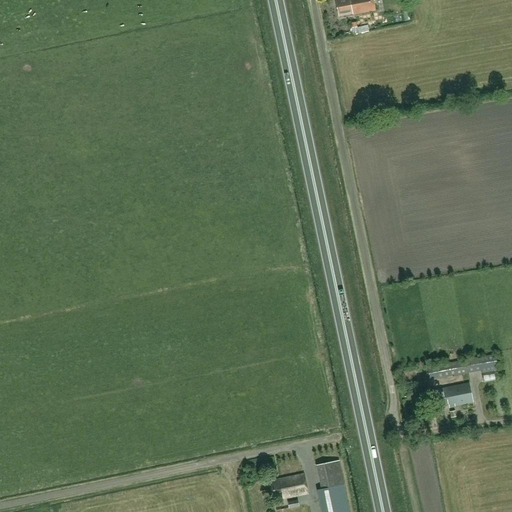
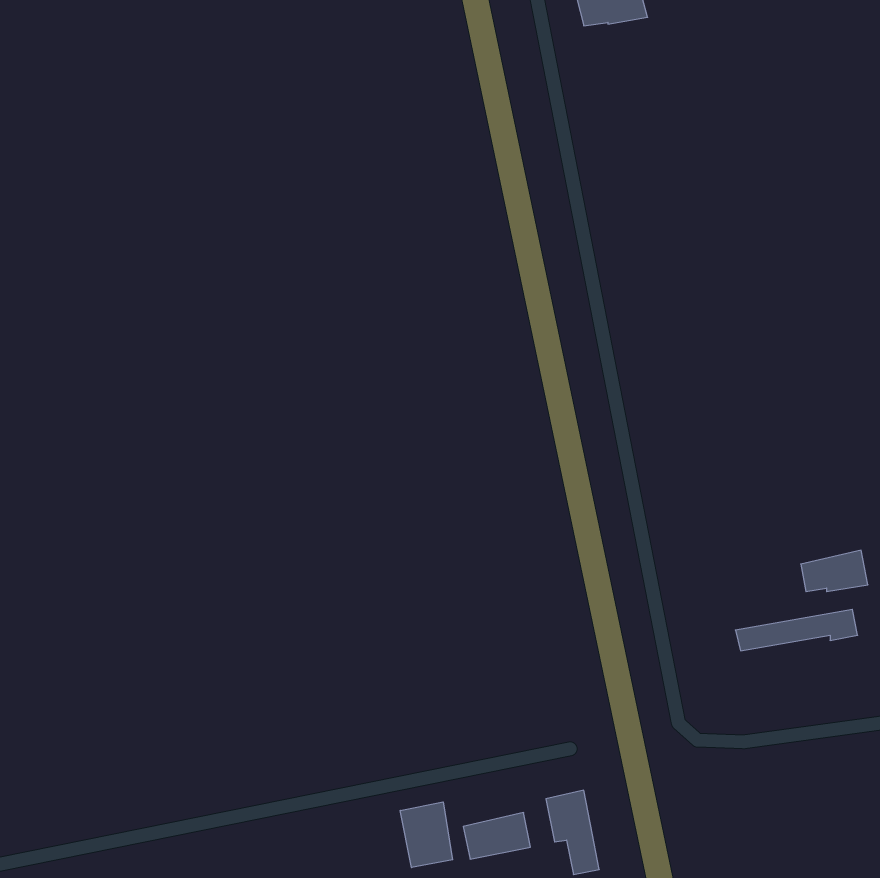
building: [434,381,473,405] -> [801,550,868,592]
building: none -> [400,802,453,868]

